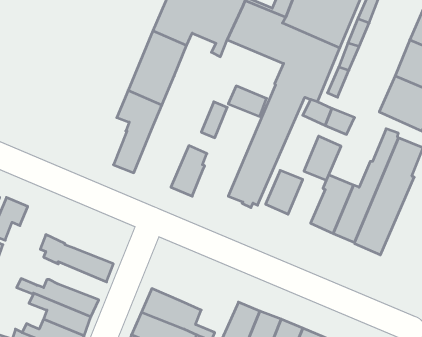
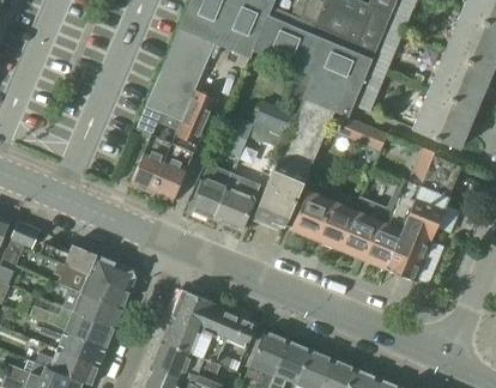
building: none -> [152,90,214,201]
building: [304,136,341,180] -> [316,200,356,247]
building: none -> [214,172,260,229]
building: none -> [40,242,137,290]
building: none -> [62,287,123,328]
building: none -> [171,290,254,347]

